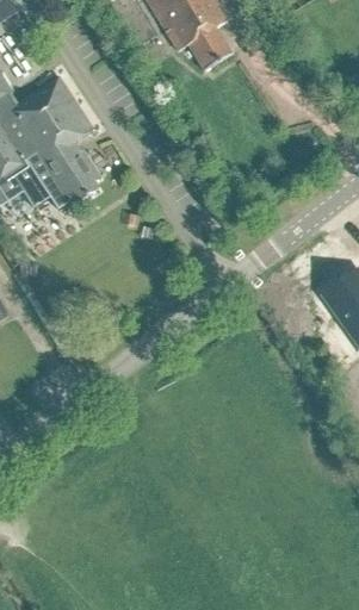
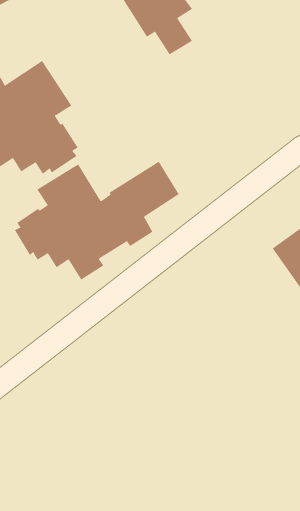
building: none -> [14,161,180,281]

